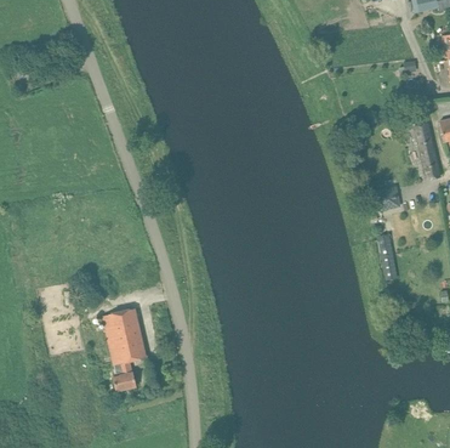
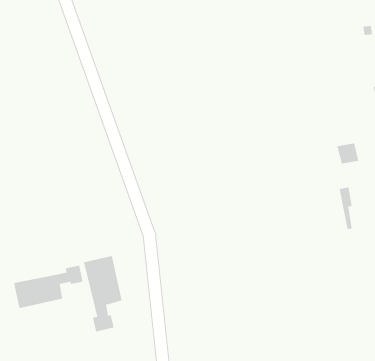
building: none -> [13,265,83,309]

